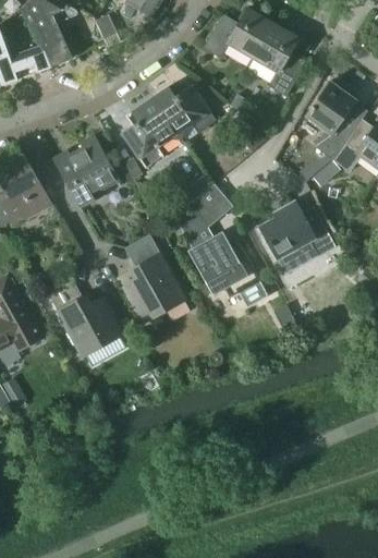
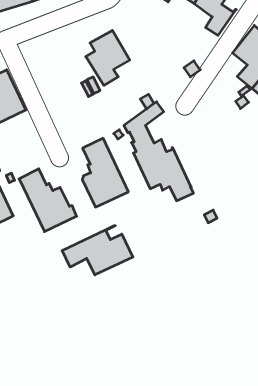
building: [153,83,216,134] -> none
building: [52,135,122,208] -> none
building: [258,201,336,275] -> none
building: none -> [62,226,133,275]

